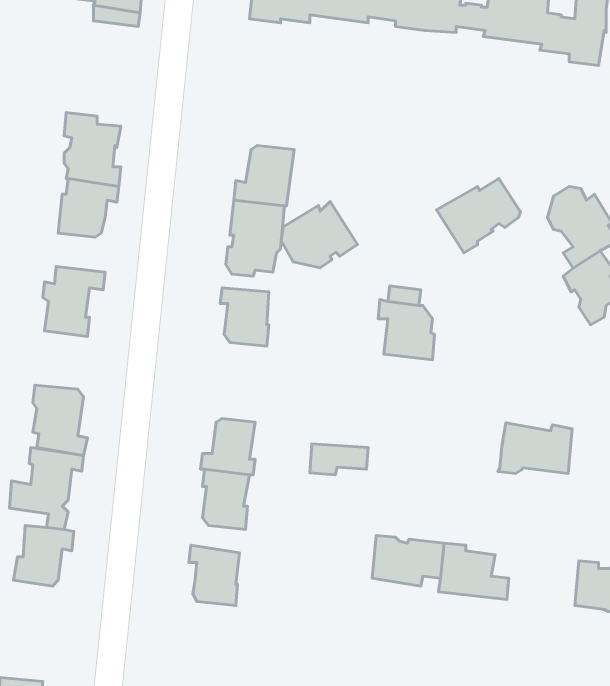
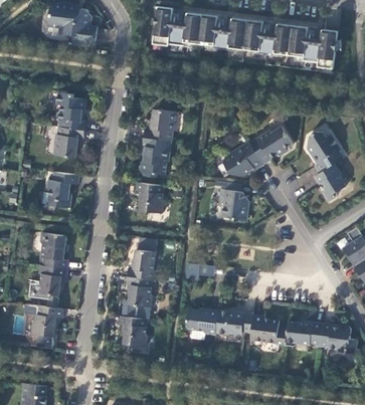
building: [281,202,357,268] -> [223,143,262,177]
building: [498,423,572,474] -> [284,321,322,347]
building: none -> [185,309,217,340]

